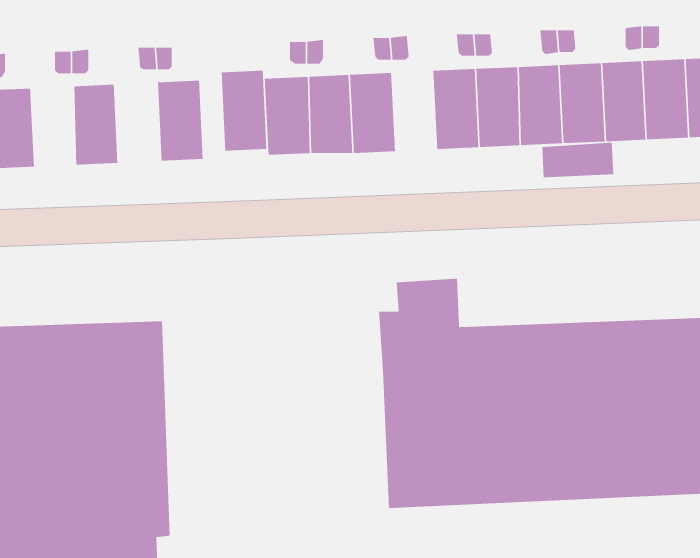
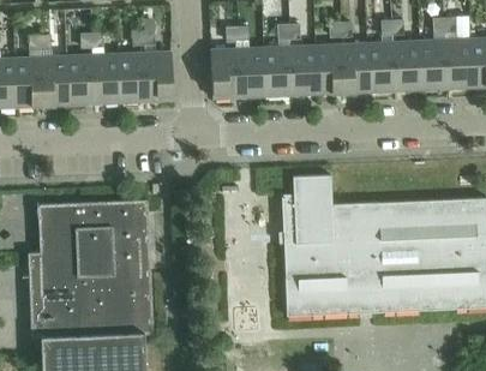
building: [221,70,267,151] -> [118,52,146,102]
building: none -> [289,44,317,95]
building: none -> [66,54,94,104]
building: [541,142,614,178] -> none

